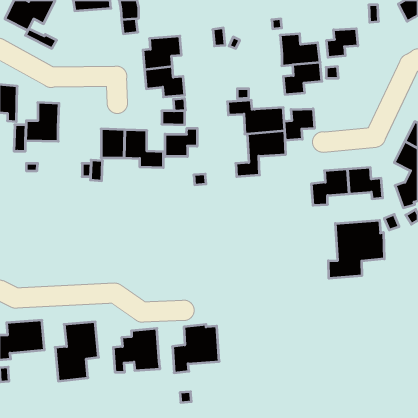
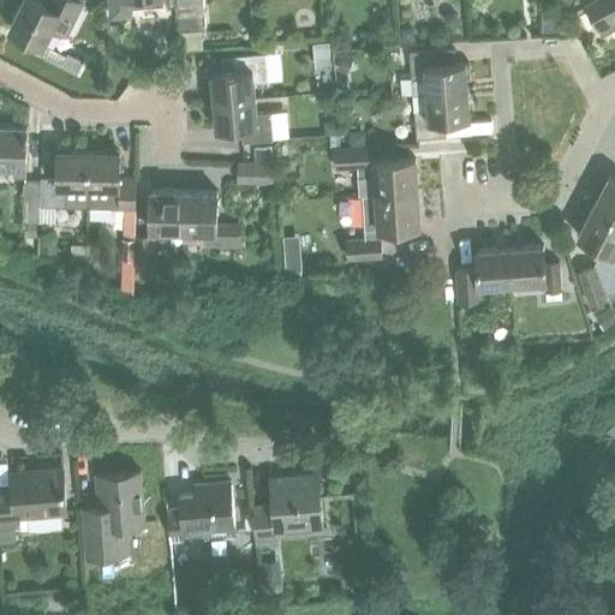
building: [327,29,358,57] -> none
building: none -> [85,154,133,210]
building: [284,109,314,141] -> none
building: [165,128,197,157] -> none
building: [328,220,384,278] -> none

